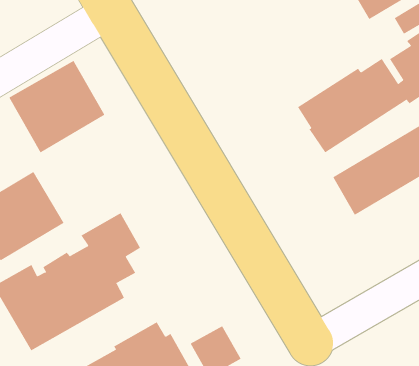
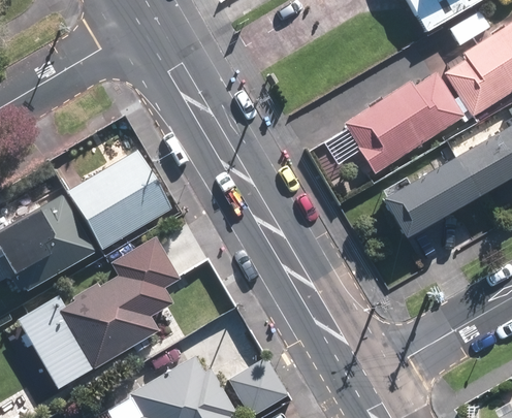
building: [9,60,105,153] -> [67,149,171,249]

